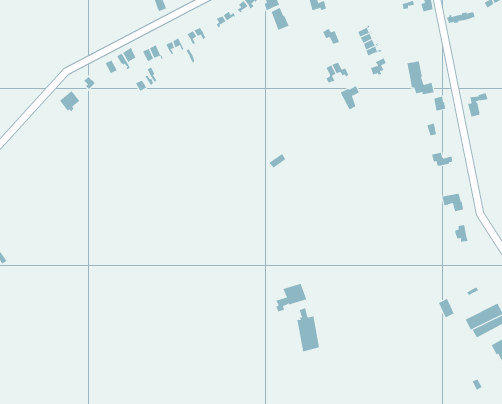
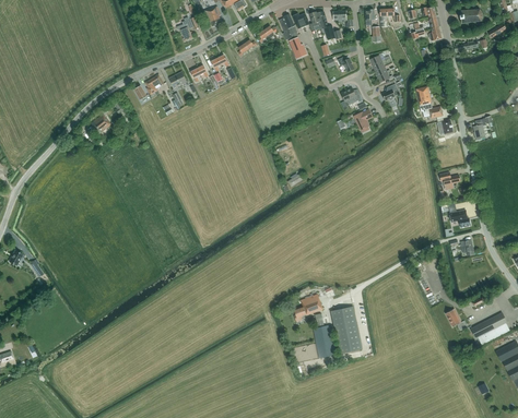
building: none -> [331,306,363,353]

